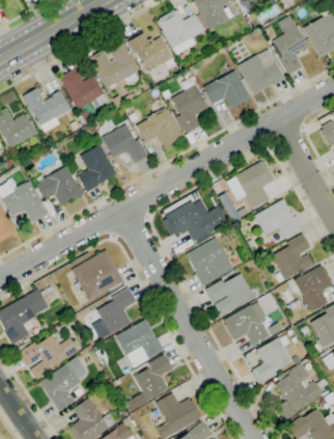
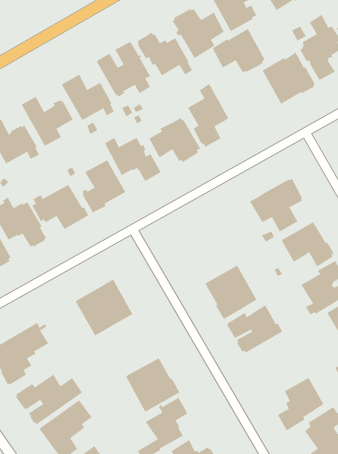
building: [203,70,251,109] -> [212,28,266,73]
building: [161,199,228,242] -> none
building: [92,289,137,340] -> none
building: [224,302,270,346] -> none

